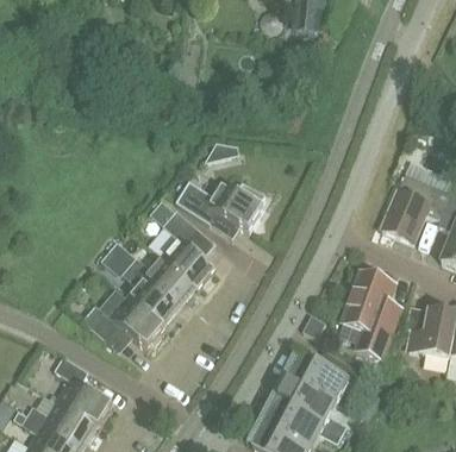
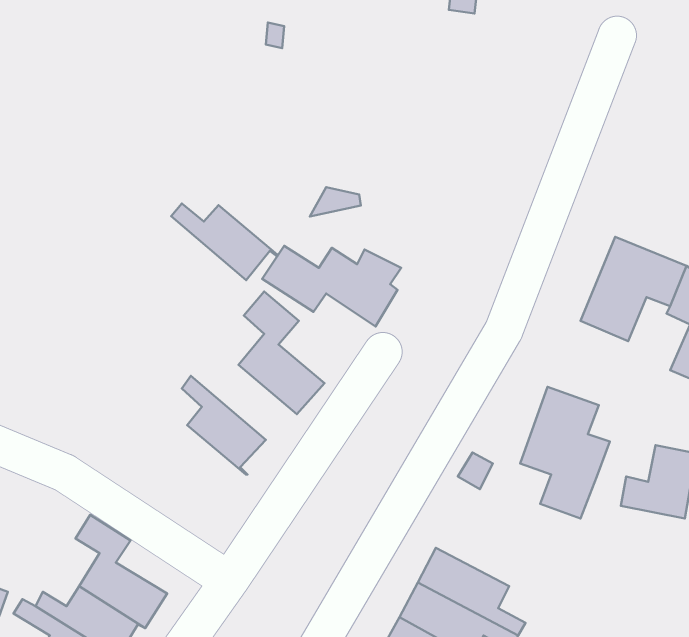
building: [127,257,196,307] -> [171,203,277,280]
building: [81,297,163,350] -> none
building: [287,350,354,402] -> none

